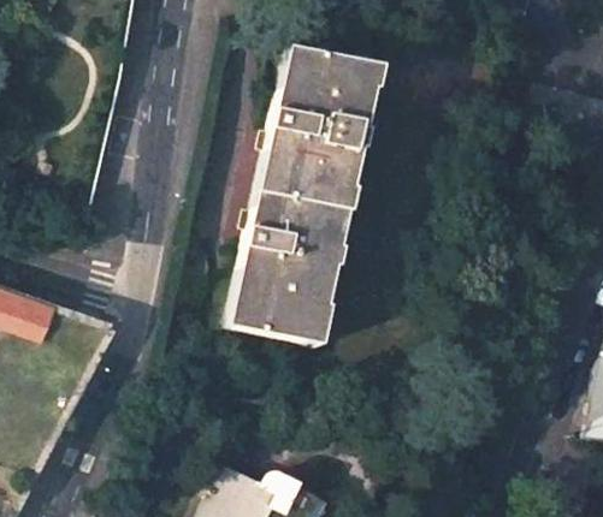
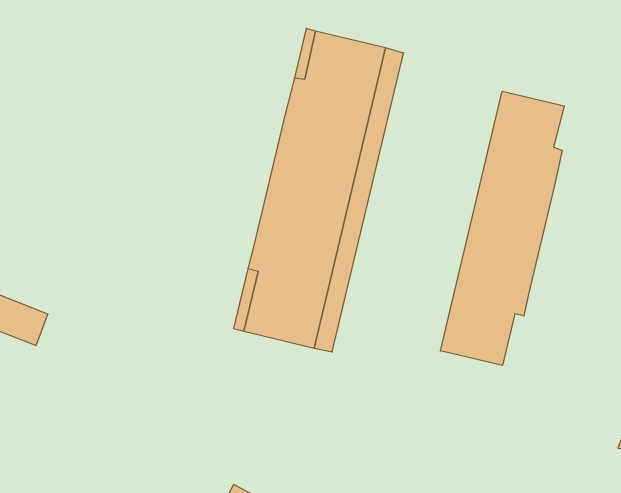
building: none -> [440,91,564,365]

